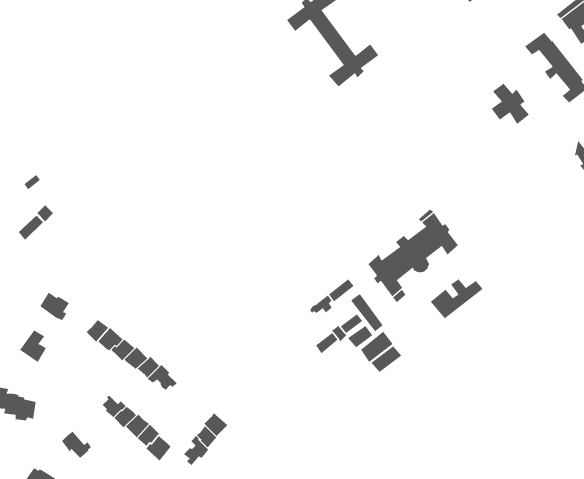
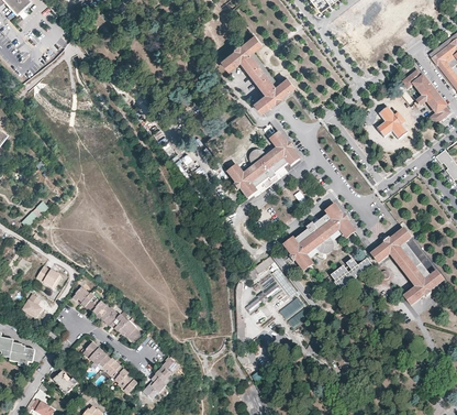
building: none -> [227,132,298,197]
building: none -> [371,227,441,303]

